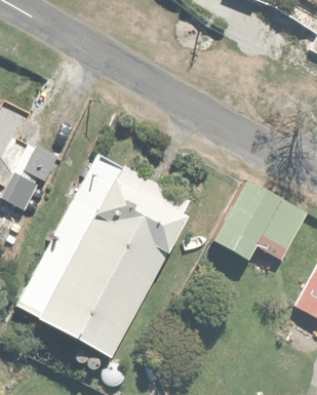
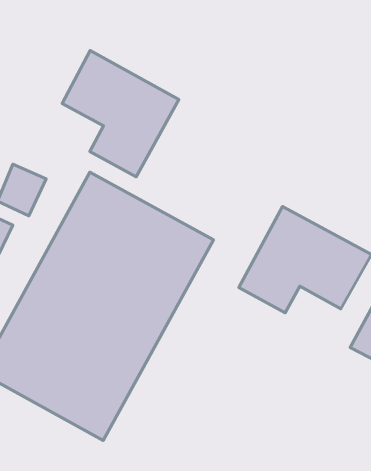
building: none -> [62,51,179,177]

